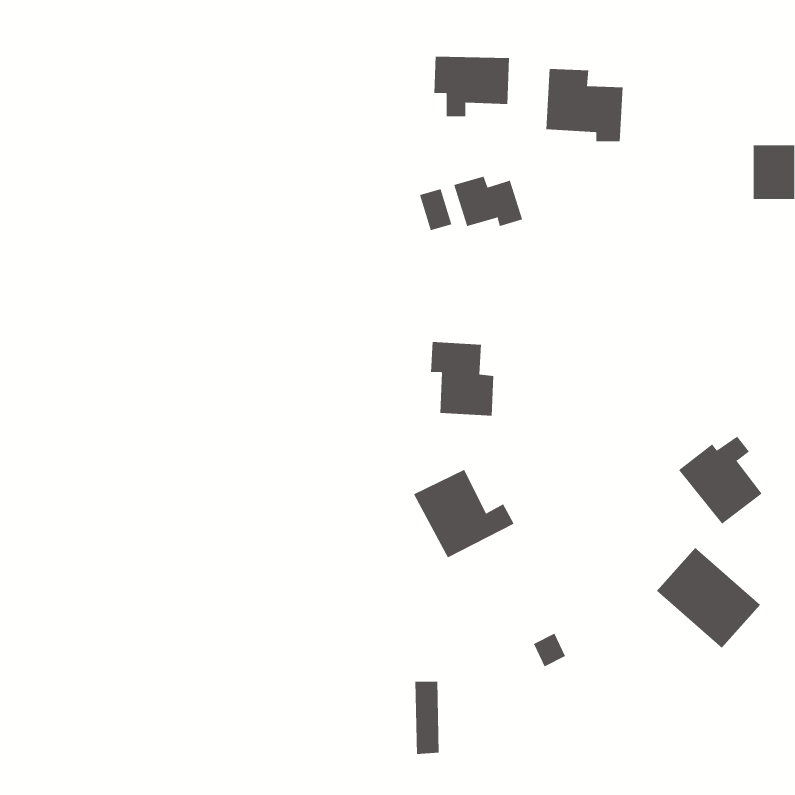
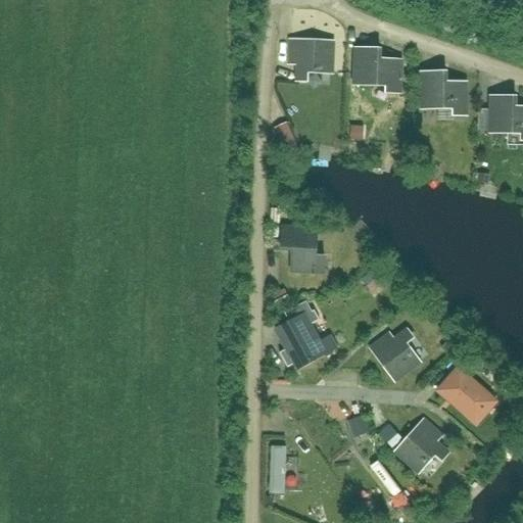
building: none -> [425,74,474,118]
building: [454,176,523,227] -> none
building: [678,436,762,525] -> [366,325,421,383]
building: none -> [389,418,448,474]

